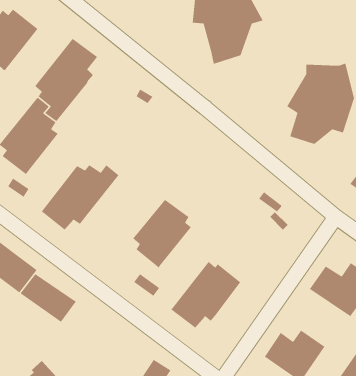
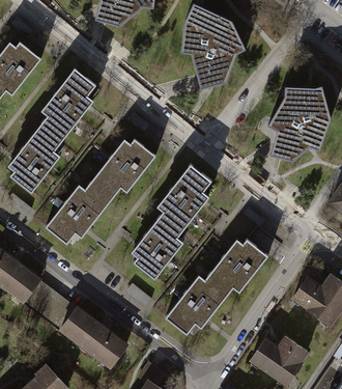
building: none -> [89,138,156,194]
building: none -> [154,163,212,232]
building: none -> [207,238,269,295]
building: none -> [63,308,131,368]

